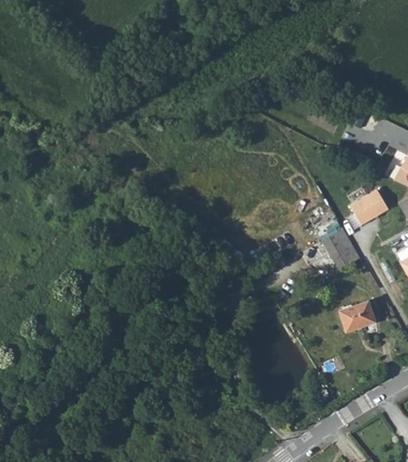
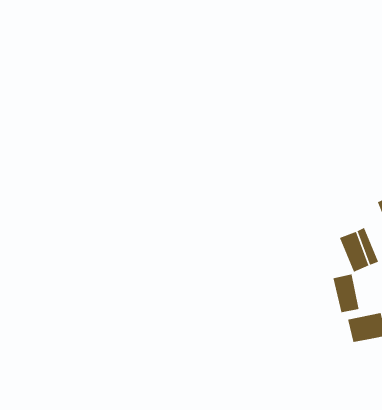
building: none -> [332,273,359,313]

